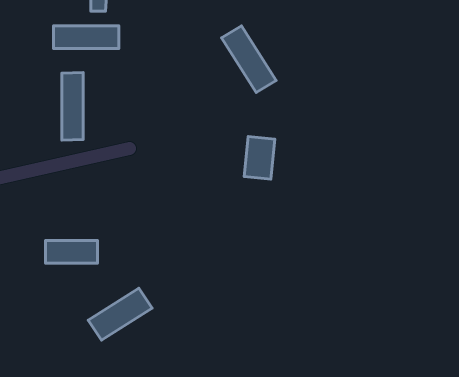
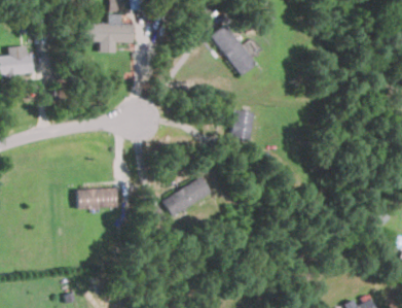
building: [62,72,83,140] -> none
building: [88,288,152,340] -> [162,176,212,216]

